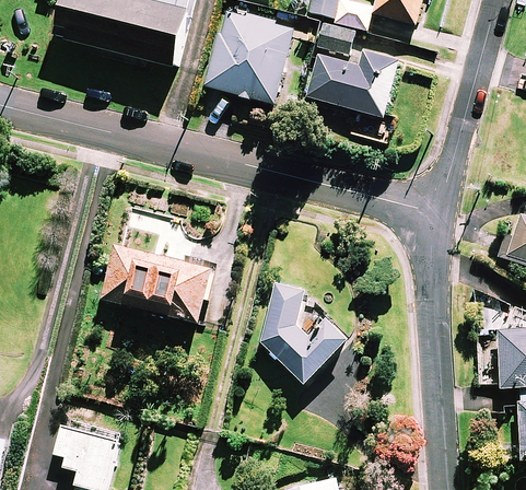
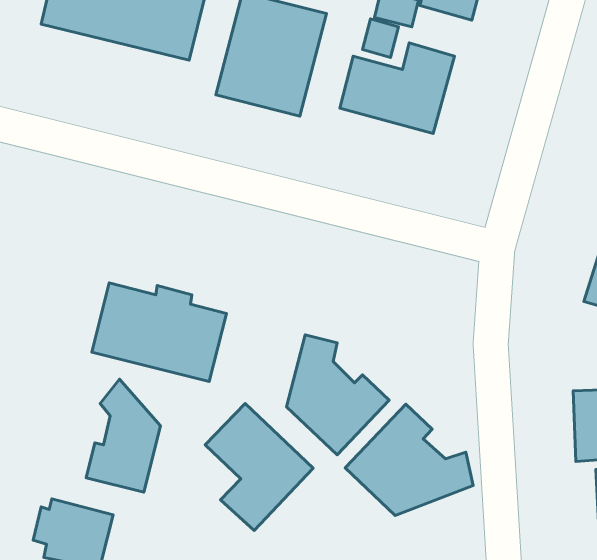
building: none -> [86,379,160,492]
building: none -> [205,404,313,531]
building: none -> [345,404,473,516]

